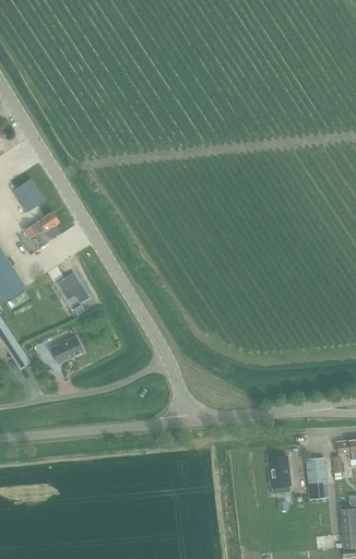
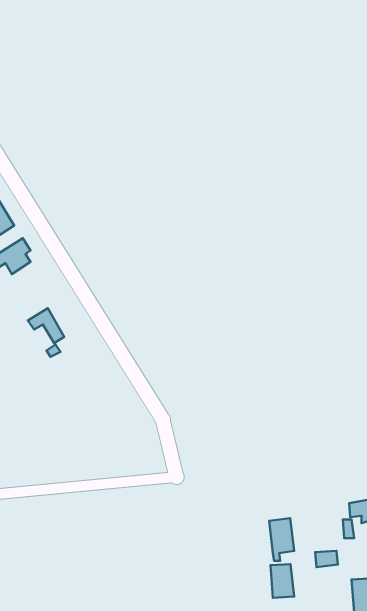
building: [50,336,82,364] -> none
building: [306,455,327,485] -> [270,564,294,598]

